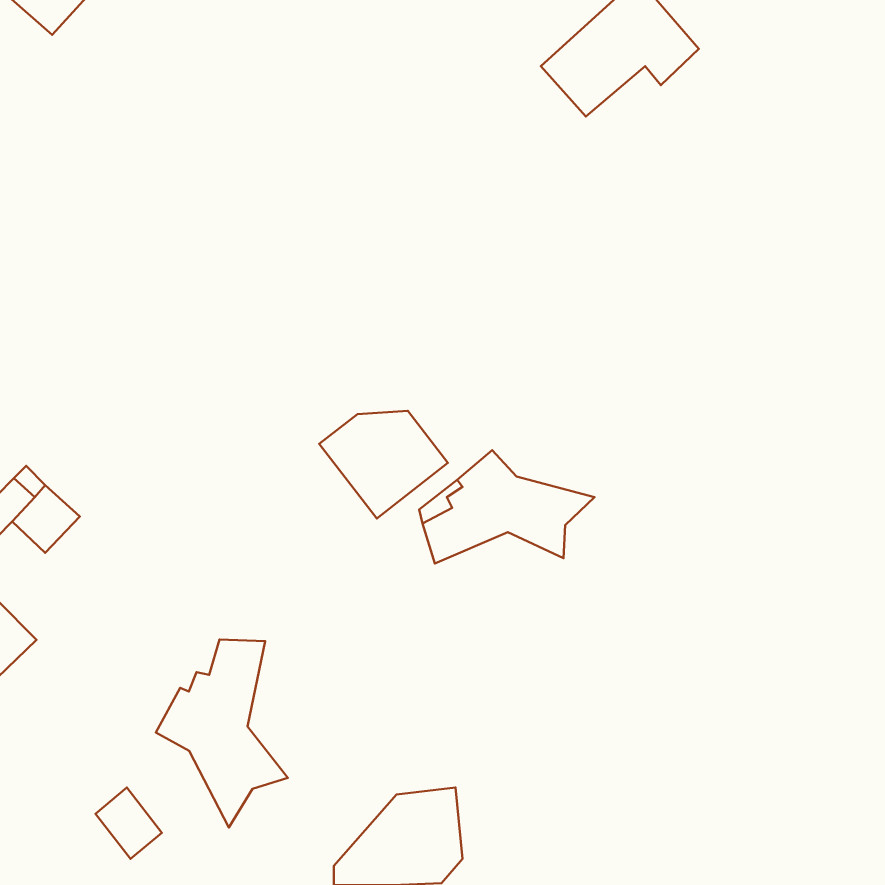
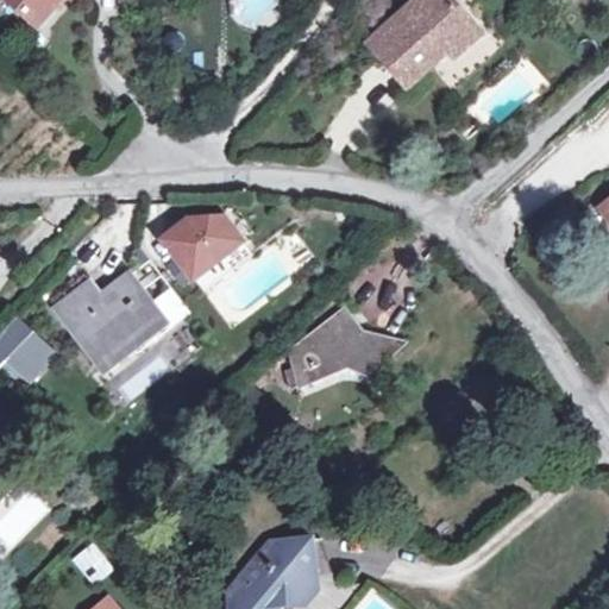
building: none -> [54,272,167,366]
building: [319,411,448,519] -> [159,215,247,289]
building: [156,639,288,827] -> none

